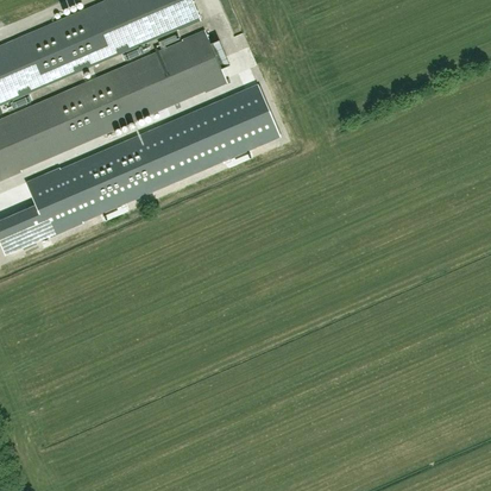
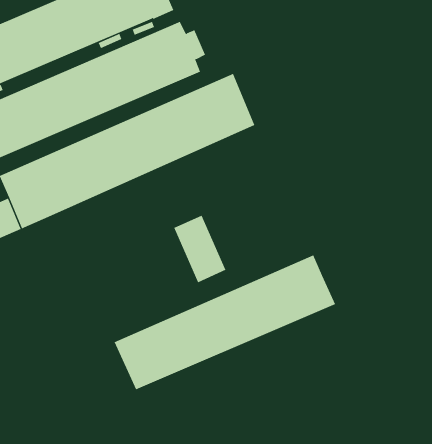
building: none -> [173,215,226,283]
building: none -> [114,254,336,390]

